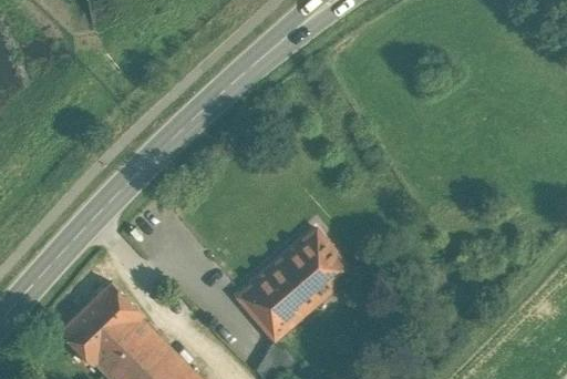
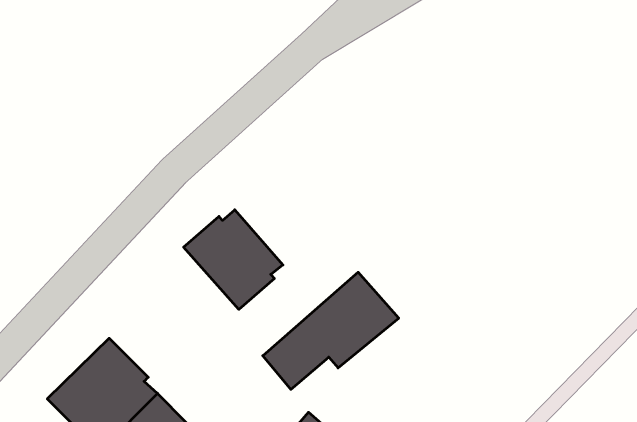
building: none -> [184,210,283,309]
building: [260,299,303,340] -> none

